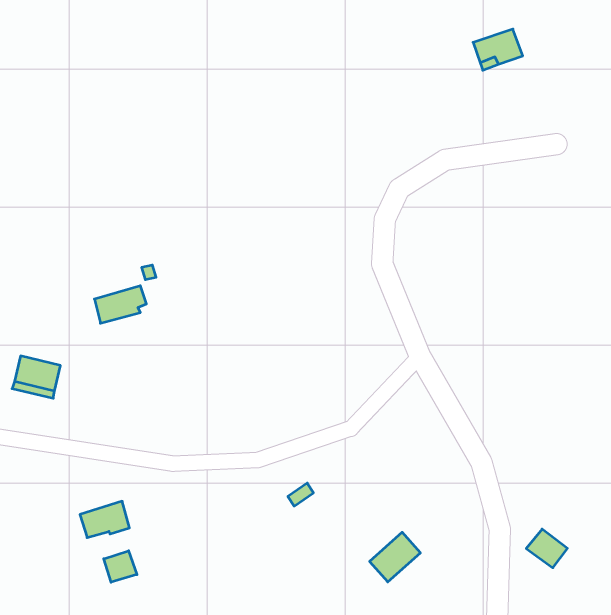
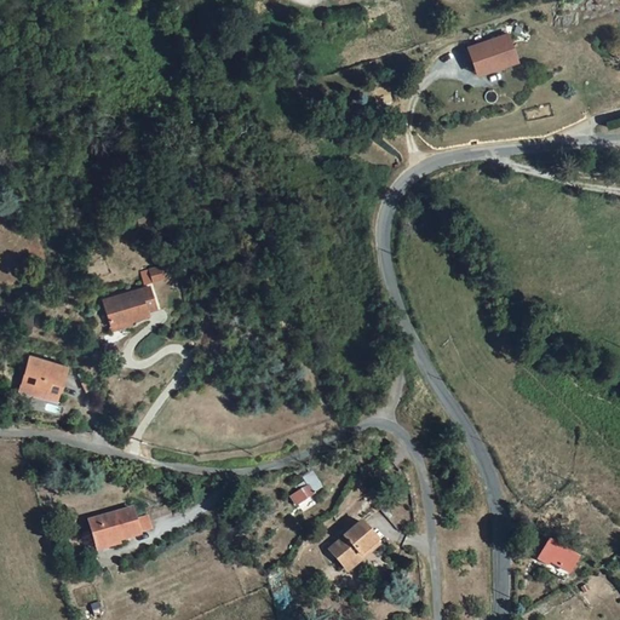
building: [370,532,420,582] -> [328,517,379,567]
building: [104,551,137,582] -> none

